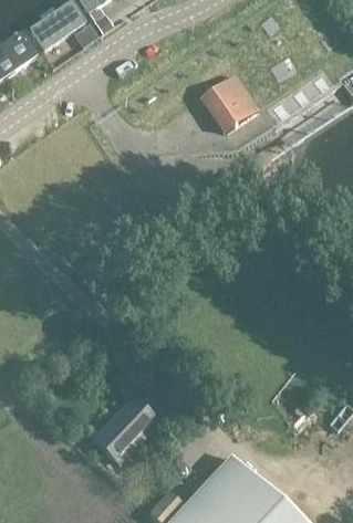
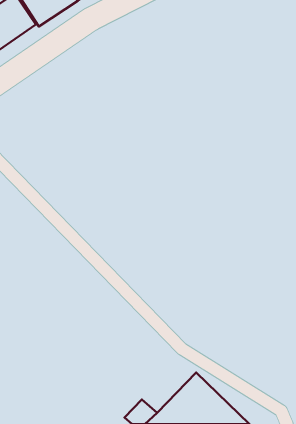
building: [203,73,258,129] -> none
building: [94,396,158,461] -> none

